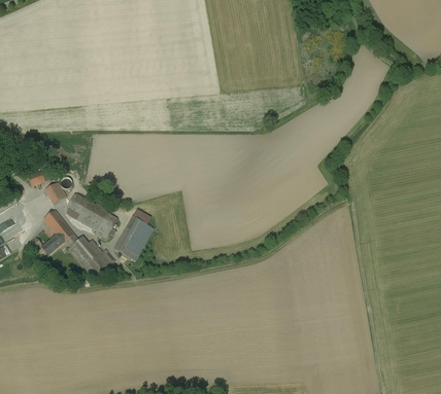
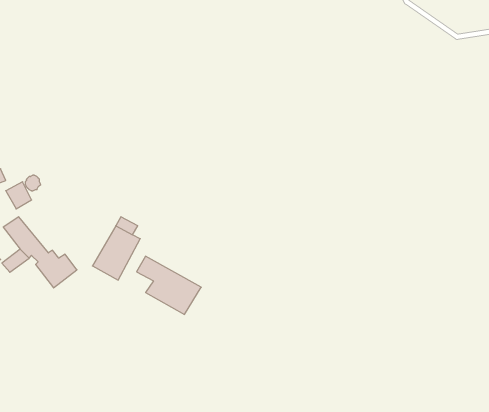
building: [67,193,118,240] -> [137,256,201,314]

